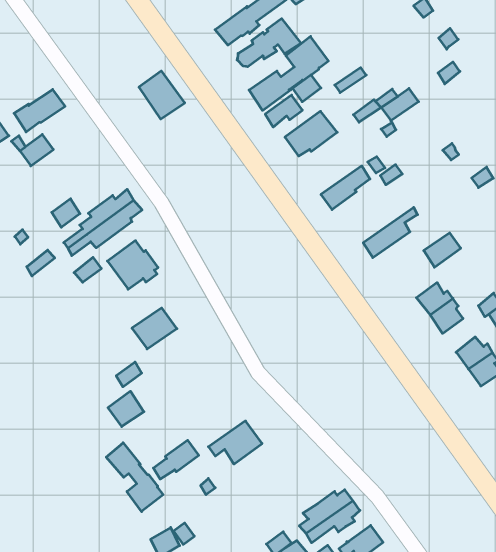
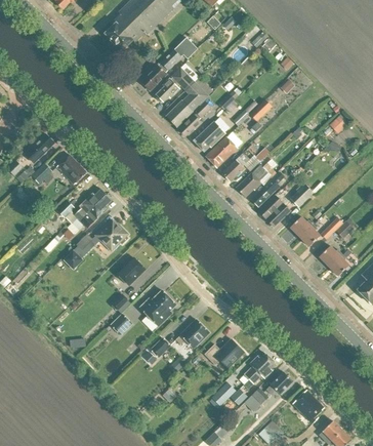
building: [139,71,185,119] -> [57,155,87,185]
building: none -> [206,136,238,168]
building: none -> [237,163,278,197]
building: none -> [259,196,290,227]
building: none -> [140,290,176,326]
building: [106,443,163,512] -> none
building: none -> [205,339,244,368]

